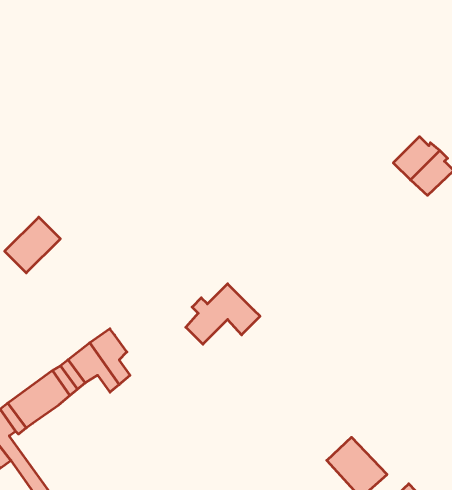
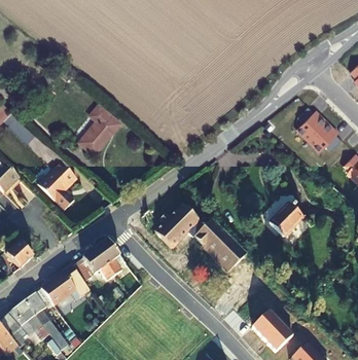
building: none -> [81,105,122,154]
building: none -> [268,202,301,236]
building: none -> [199,220,247,272]

